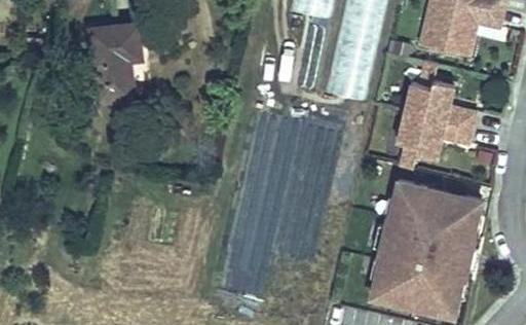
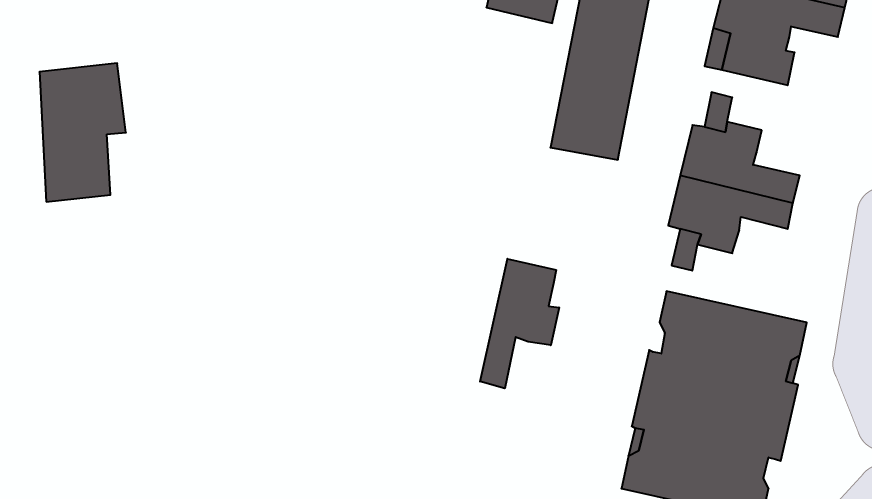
building: [95,30,146,112] -> [39,63,126,202]
building: none -> [480,259,559,388]

